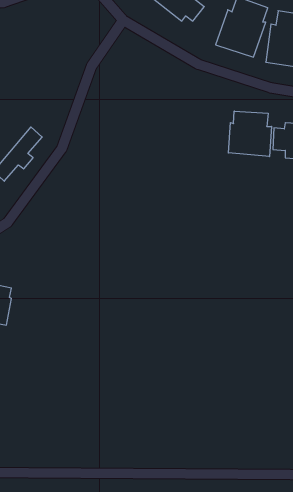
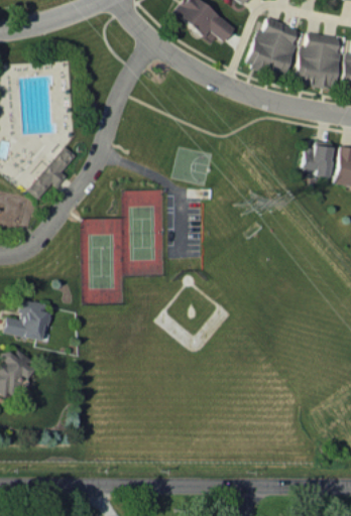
building: [228,111,272,157] -> none

